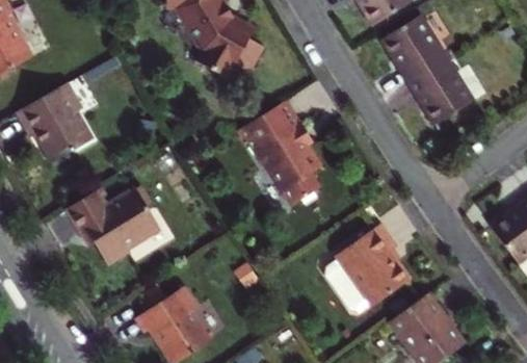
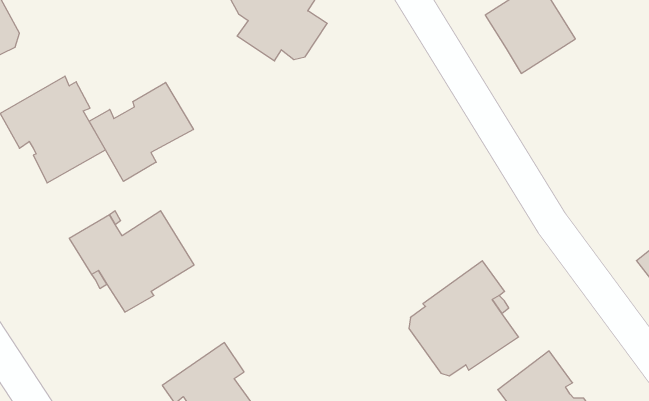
building: [407,58,477,129] -> none
building: none -> [89,82,193,181]
building: [236,100,321,205] -> none

